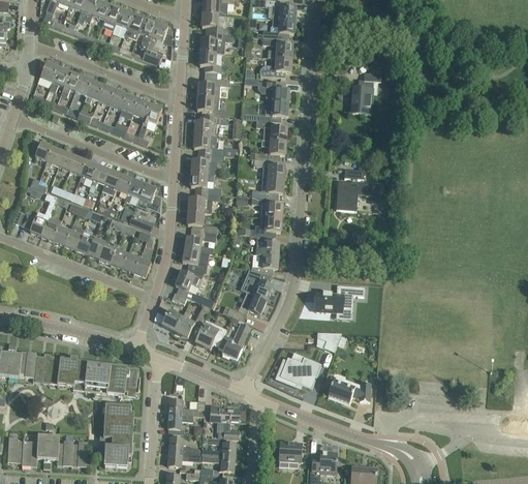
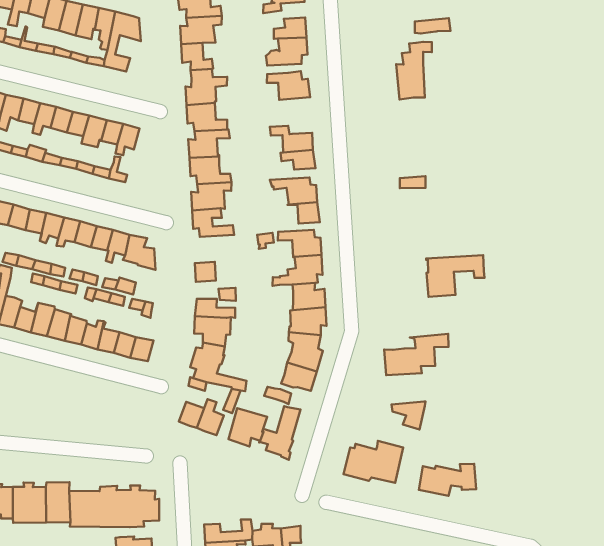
building: [255,100,287,120] -> none
building: [336,180,379,209] -> [426,255,485,297]
building: [188,191,219,212] -> none

